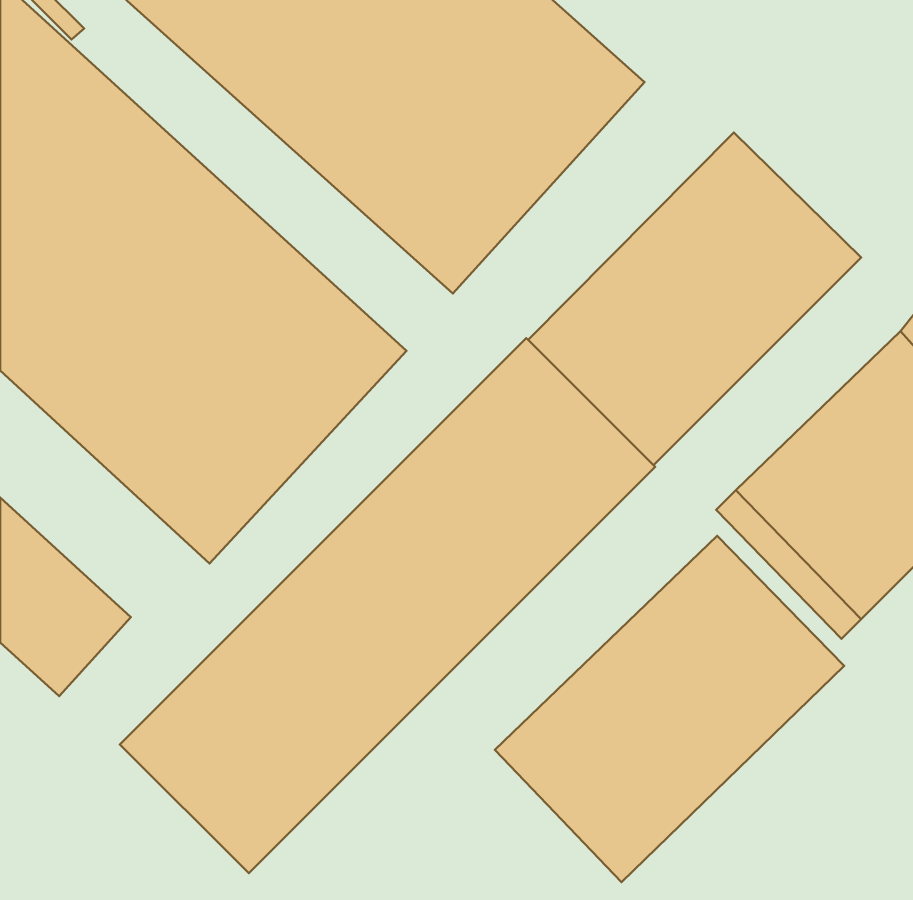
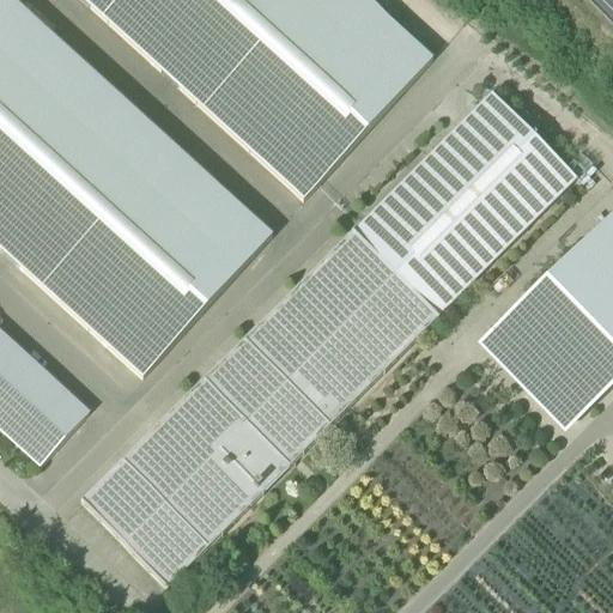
building: [495,536,844,882] -> none

